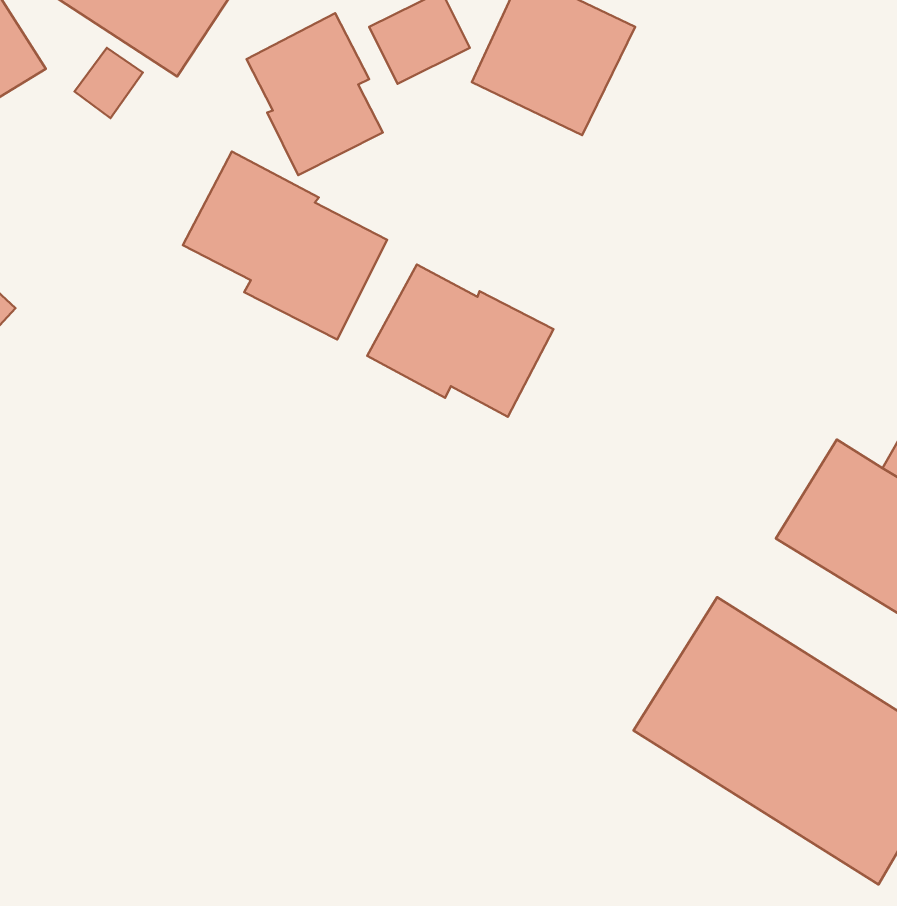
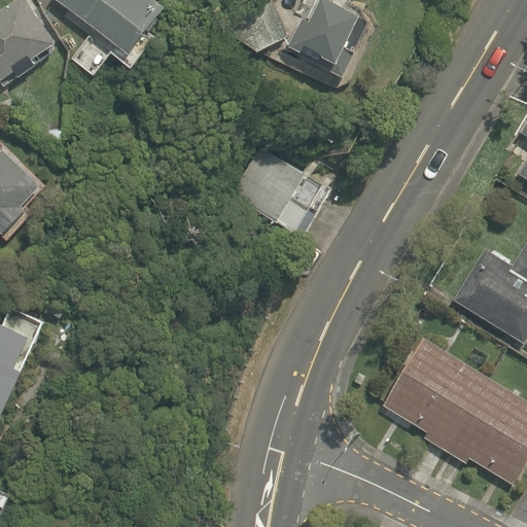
building: [247,13,383,175] -> none
building: [183,151,387,339] -> none

